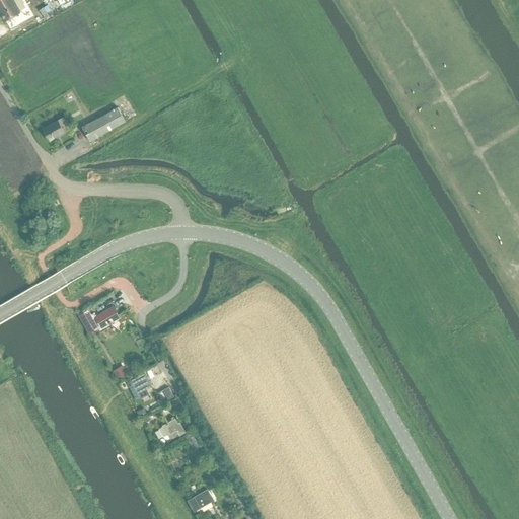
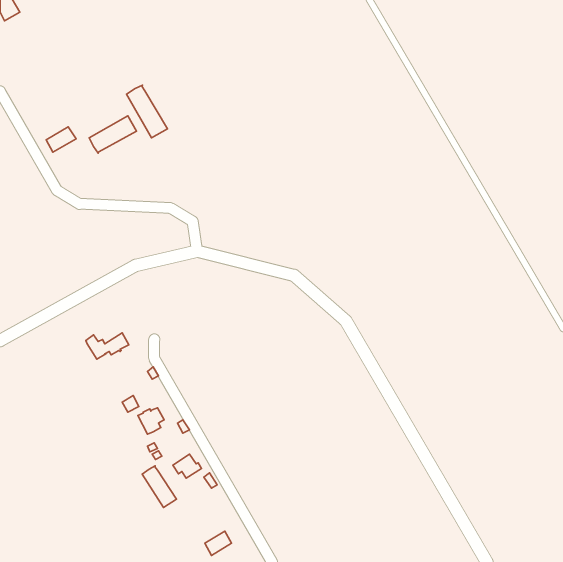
building: none -> [127,85,167,138]
building: none -> [142,466,177,507]

